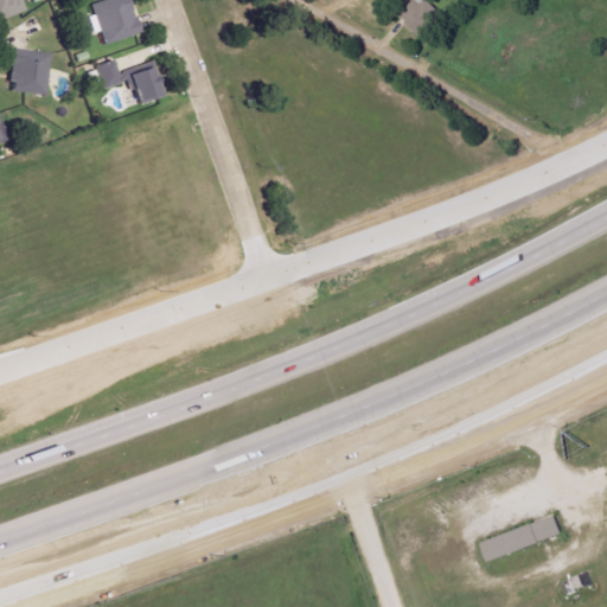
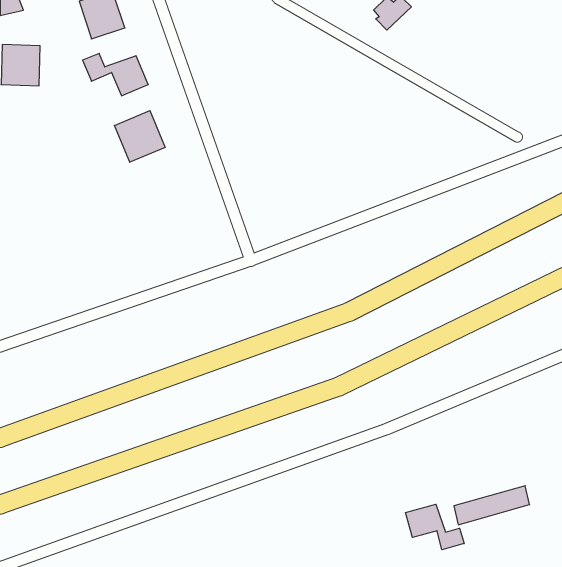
building: none -> [114,111,165,162]
building: none -> [405,504,464,550]

